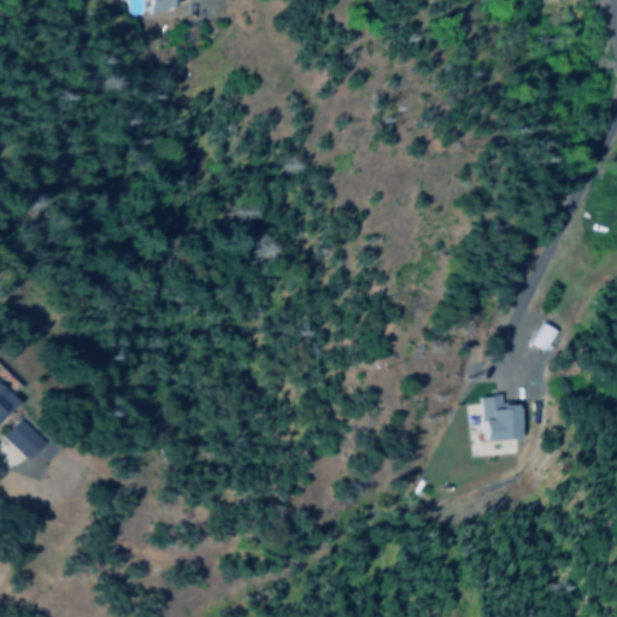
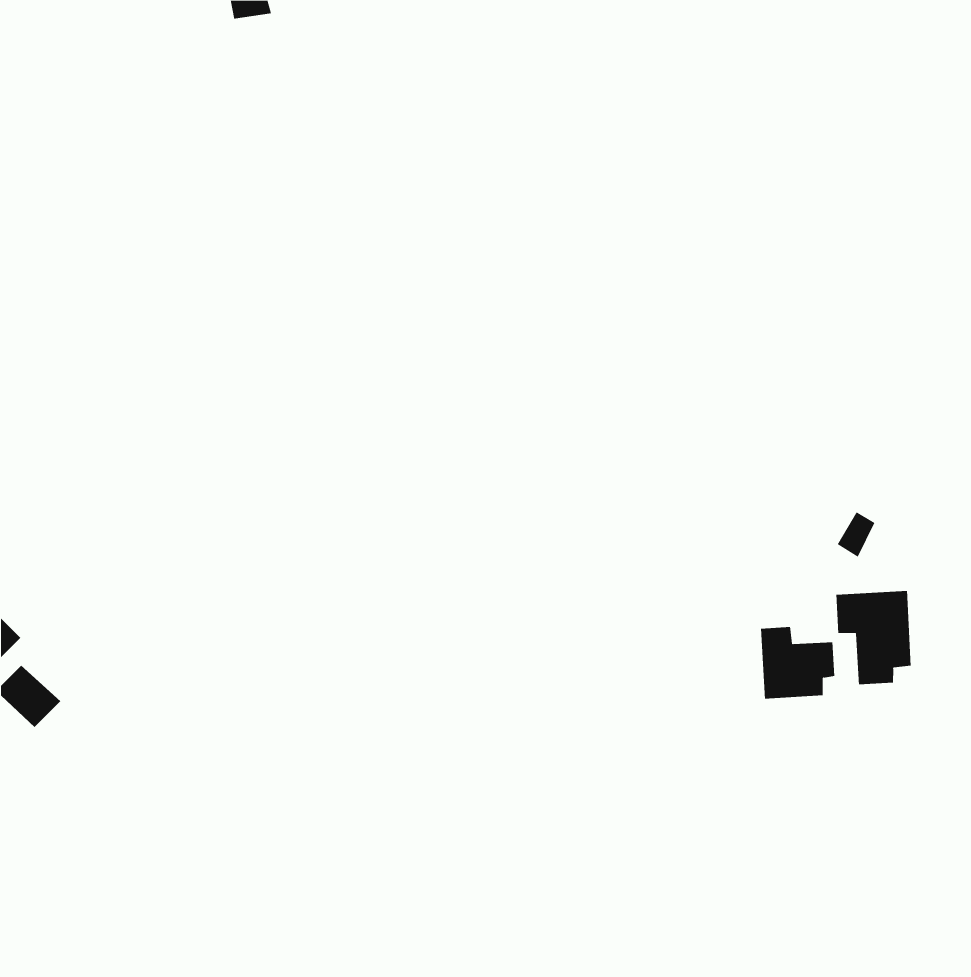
building: none -> [836,590,911,685]

